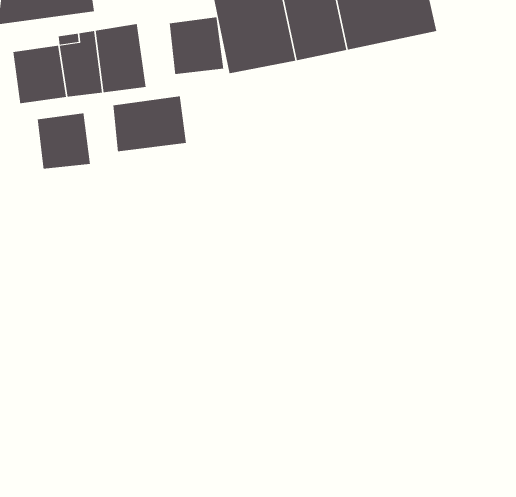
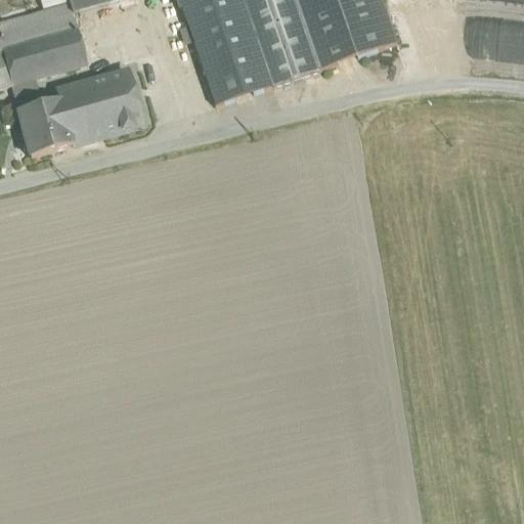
building: [169,16,224,75] -> none
building: [113,96,187,152] -> none
building: [37,113,91,170] -> none

